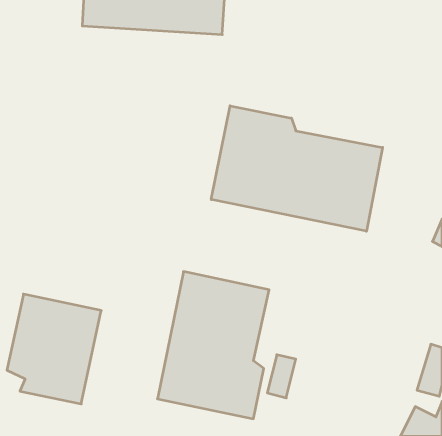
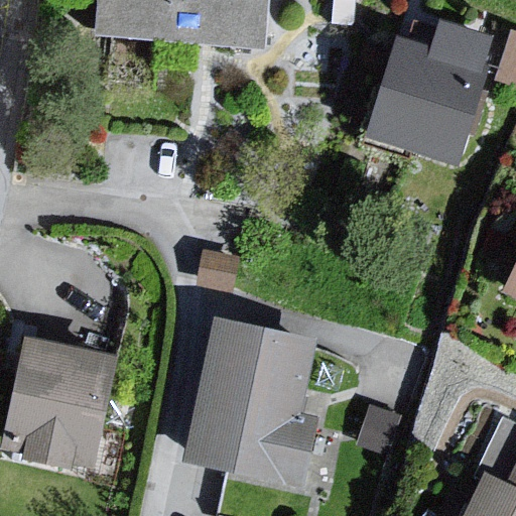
building: none -> [367,19,491,167]
building: [211,106,383,231] -> none

